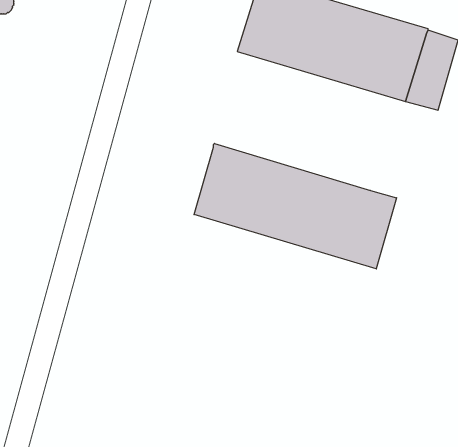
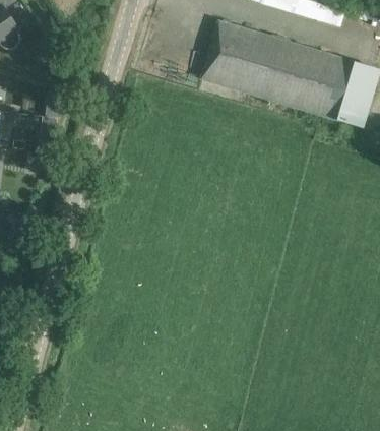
building: [194,143,397,269] -> none

